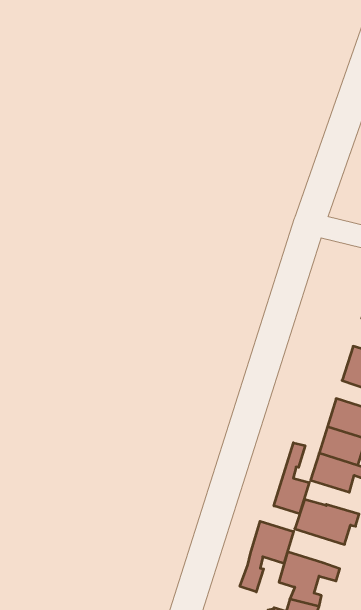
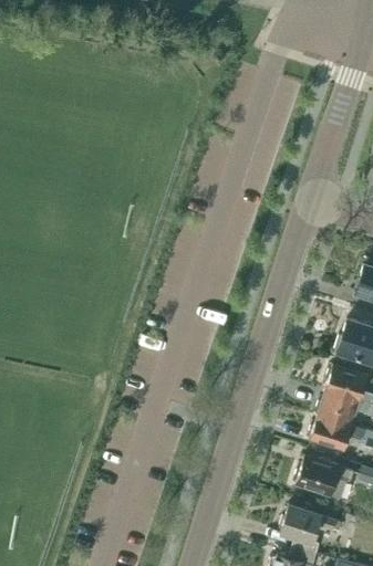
building: [274,443,309,514] -> none
building: [240,521,294,592] -> none

